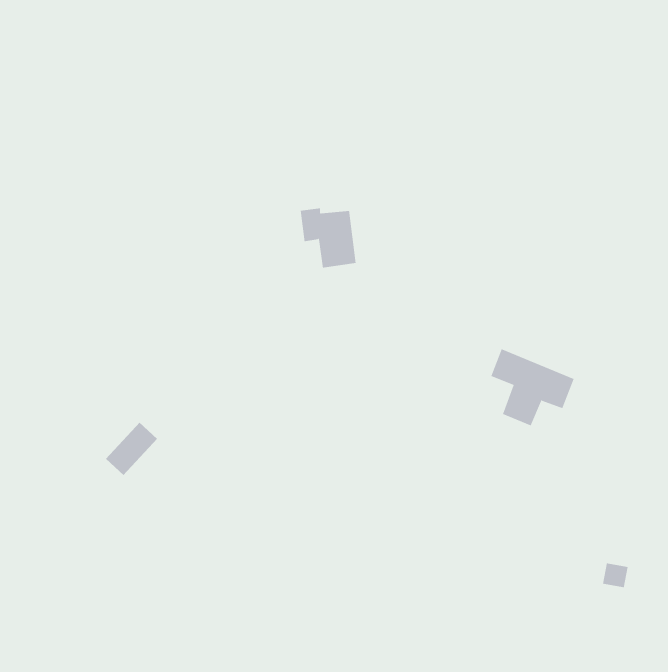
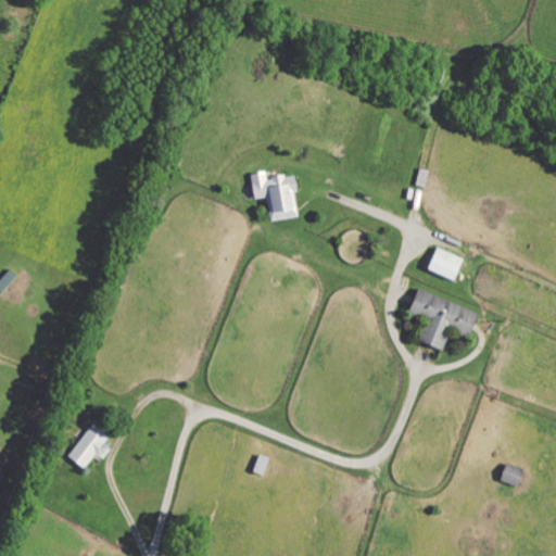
building: none -> [426,247,462,280]
building: [105,422,158,476] -> [67,425,111,469]

